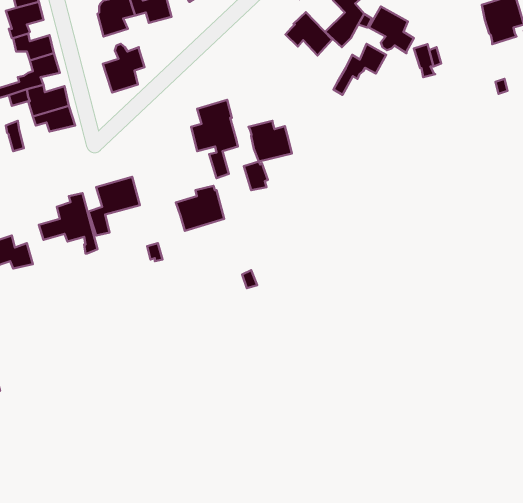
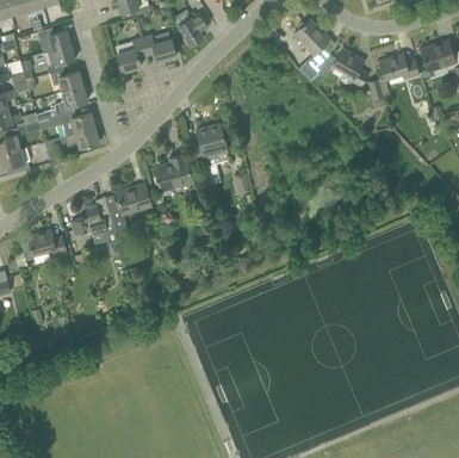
building: [286,12,332,55] -> none
building: none -> [379,54,417,79]
building: [103,44,144,92] -> none
building: [333,44,386,95] -> none
building: [248,121,292,162] -> none
building: [176,186,224,231] -> [154,155,192,191]

